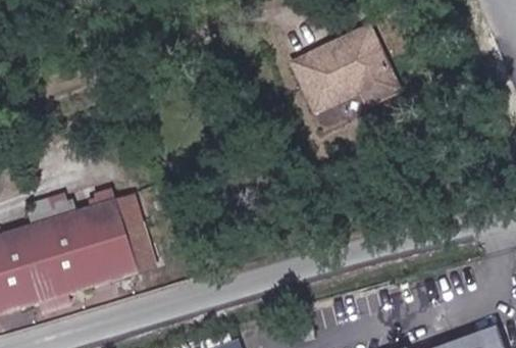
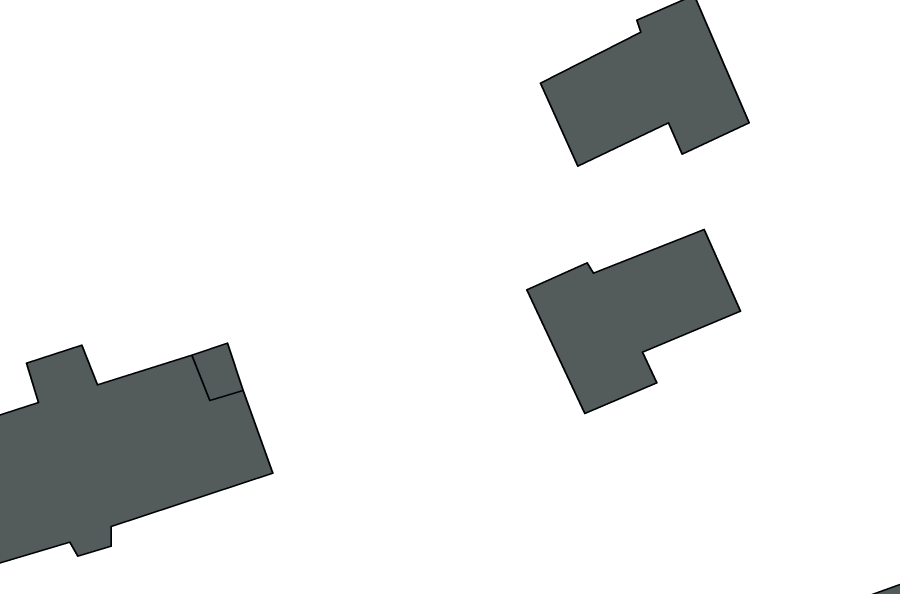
building: none -> [527,230,740,414]

